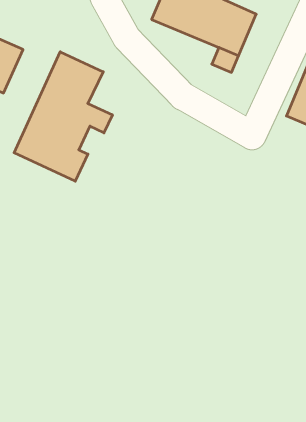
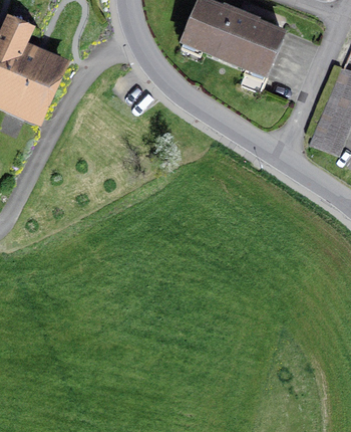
building: [14,52,112,181] -> none

